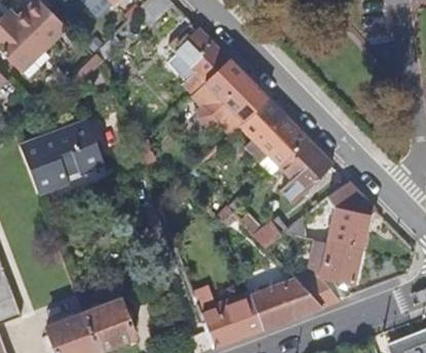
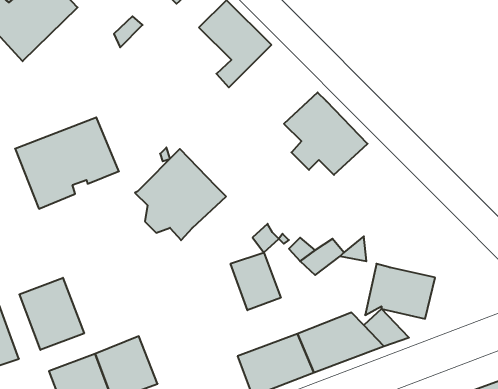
building: [192,60,267,134] -> [135,149,226,240]
building: [280,141,332,202] -> none
building: [326,183,377,250] -> none
building: none -> [231,253,281,310]
building: none -> [19,278,84,350]

